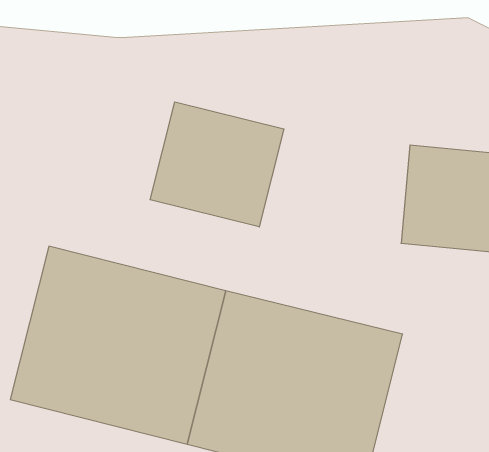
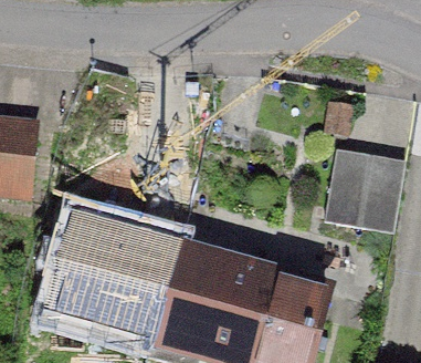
building: [150,102,284,227] -> none

